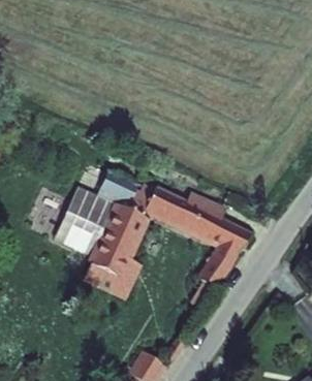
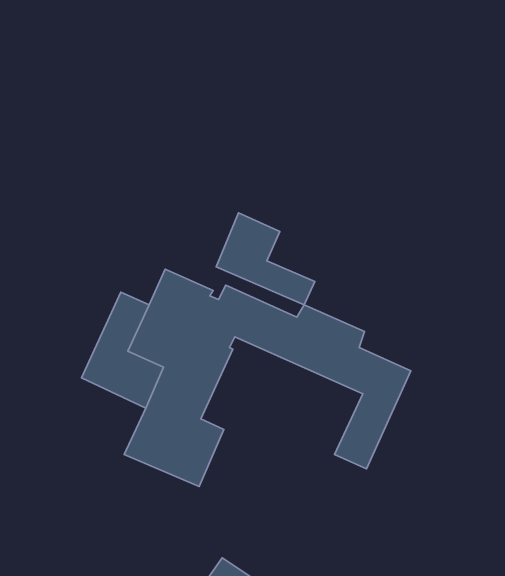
building: none -> [216,213,315,305]

